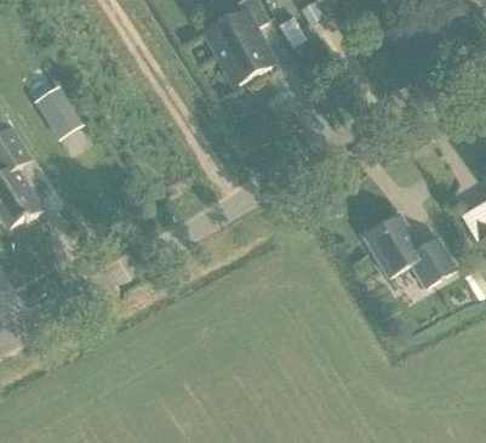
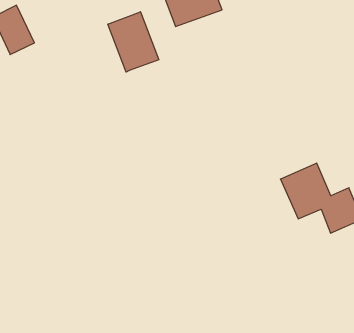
building: none -> [108,12,159,72]

